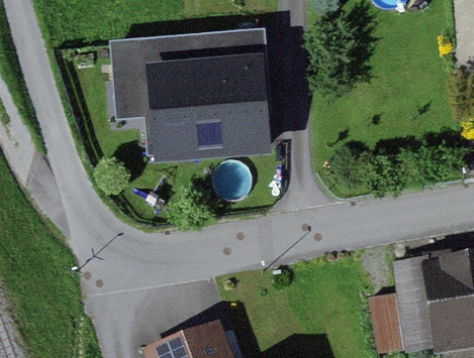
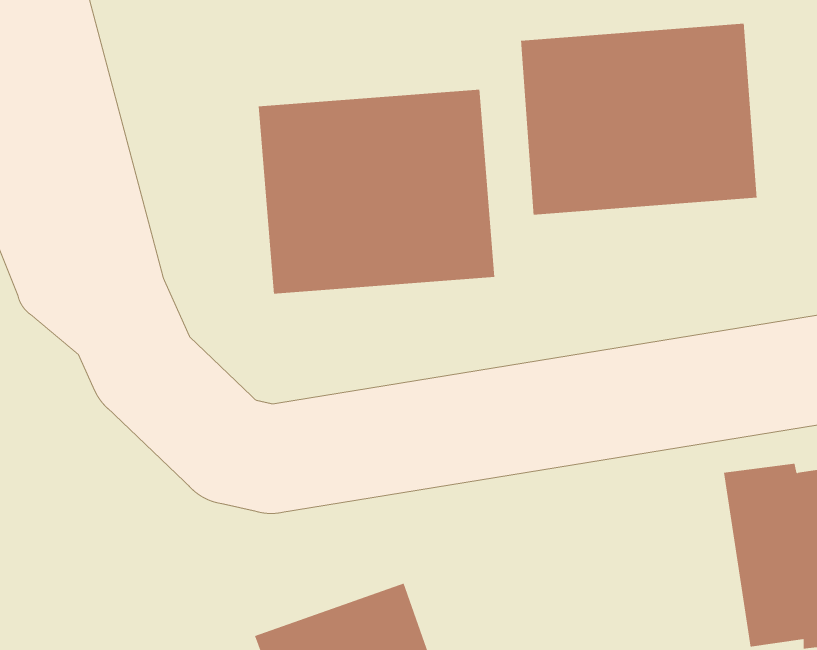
building: none -> [520,23,757,215]

